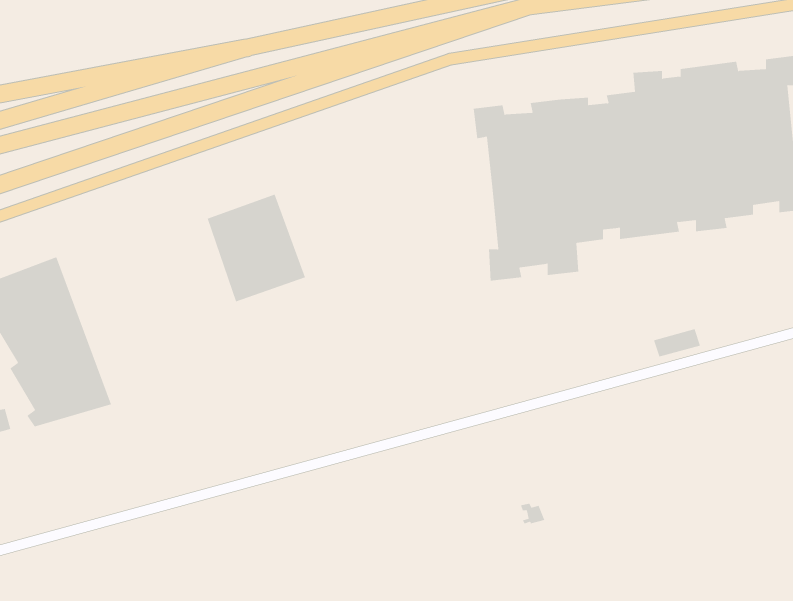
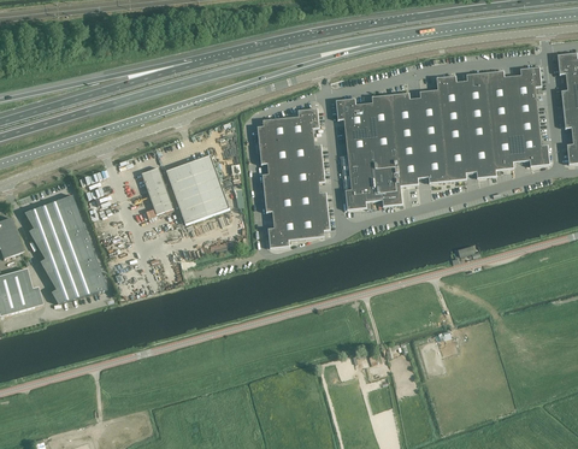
building: none -> [258,108,331,248]
building: none -> [142,166,173,213]

